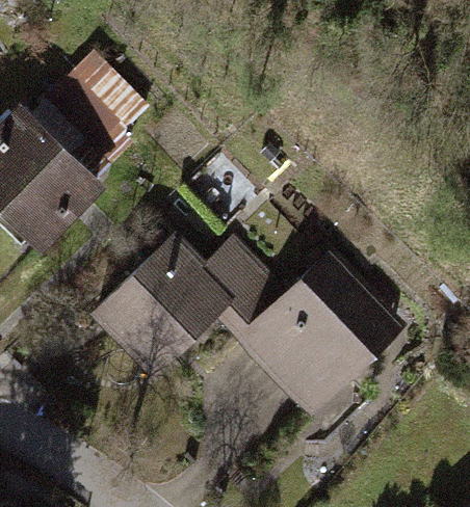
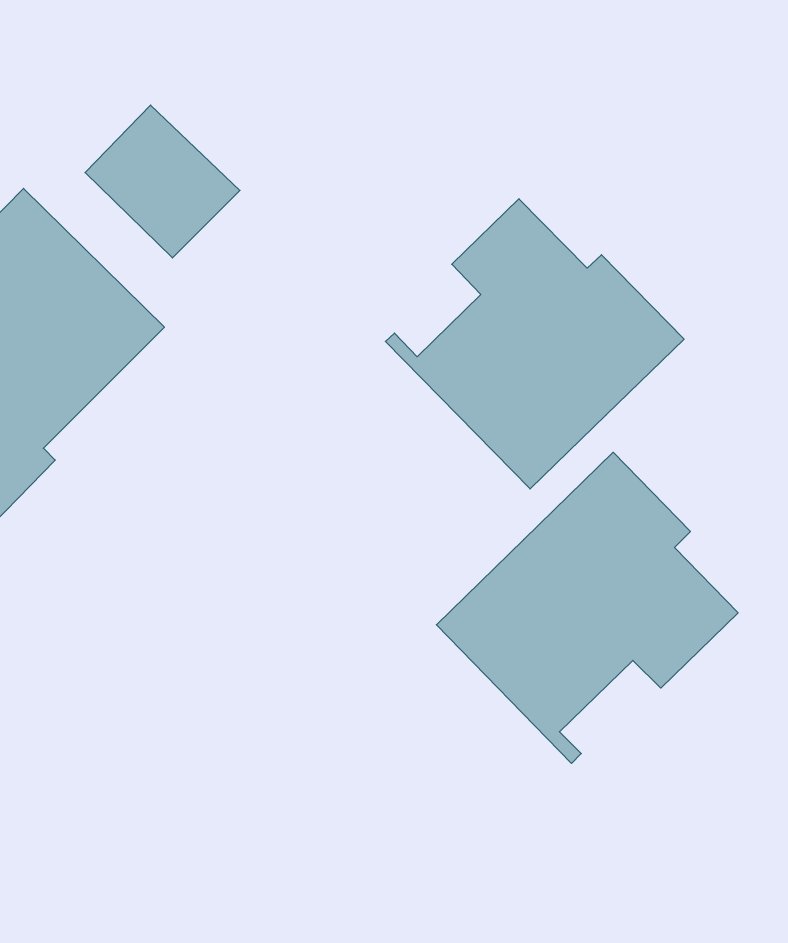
building: none -> [385,199,684,489]
building: [100,236,287,365] -> none

